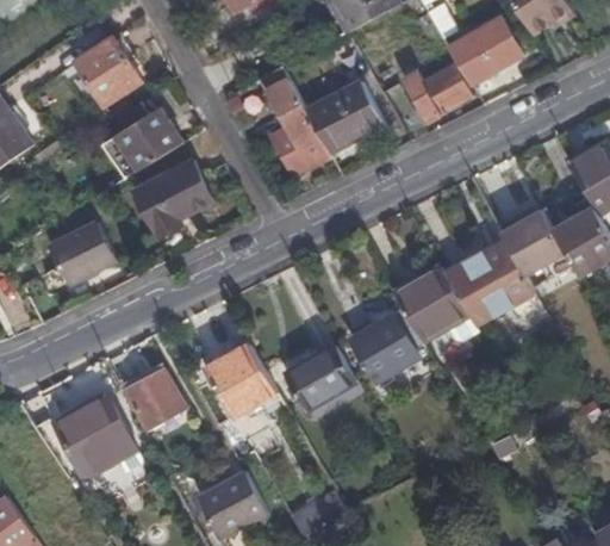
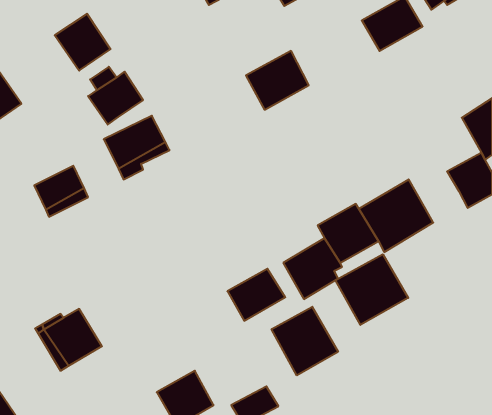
building: [404,63,471,119] -> none
building: [260,66,332,179] -> none
building: [500,209,566,274] -> none
building: none -> [335,254,408,325]
building: [206,346,278,417] -> none
building: [126,370,185,427] -> none
building: none -> [272,307,338,375]

